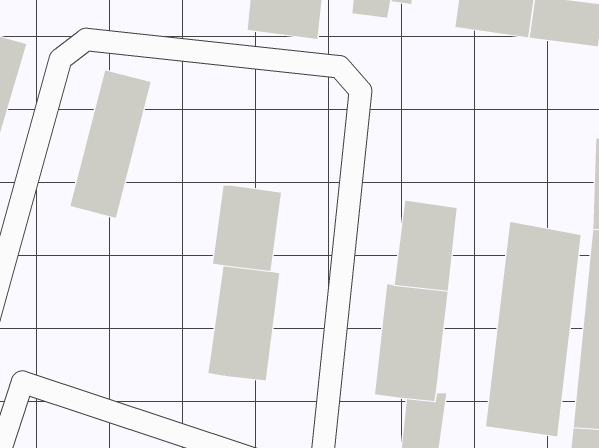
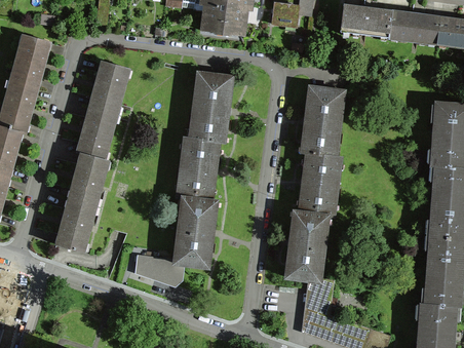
building: none -> [187,71,236,144]
building: none -> [299,81,349,153]
building: none -> [54,152,110,254]
building: [485,221,581,437] -> none
building: none -> [132,253,183,285]

